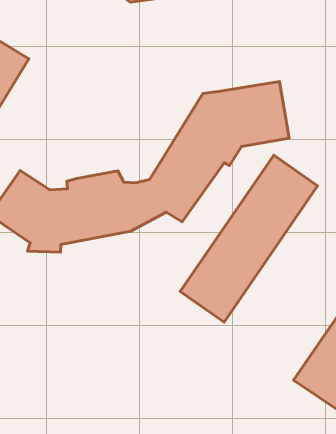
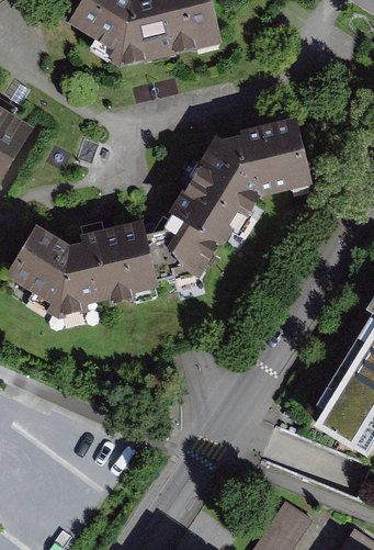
building: [180,155,318,322] -> none

